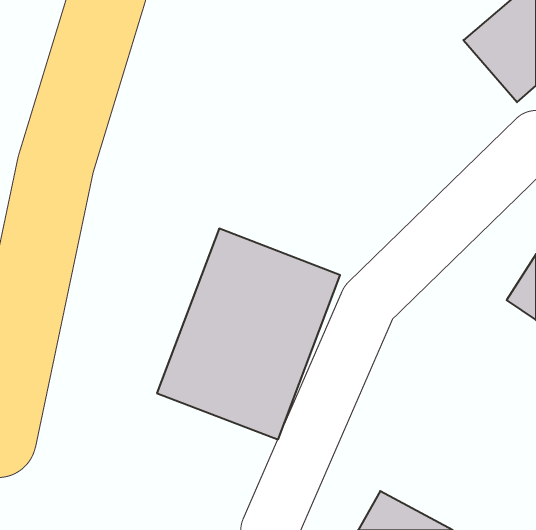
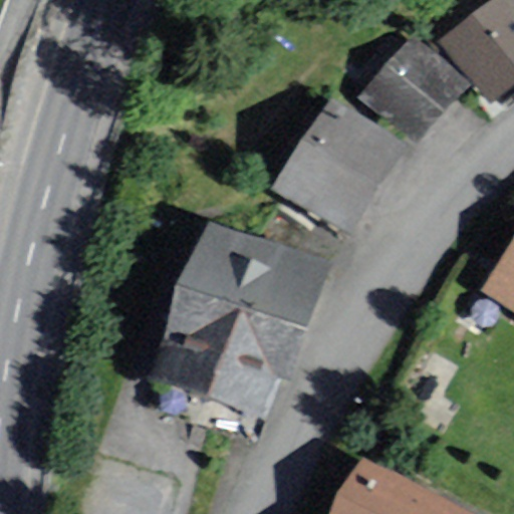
building: none -> [359,32,467,140]
building: none -> [271,95,408,236]

